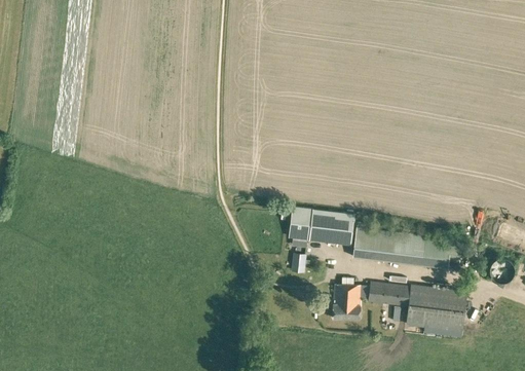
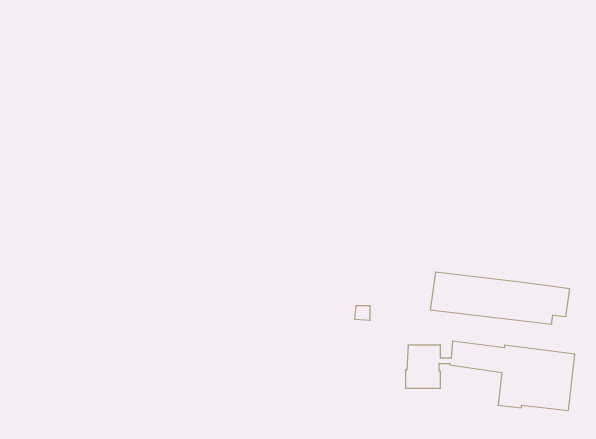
building: [289,207,353,245] -> none

